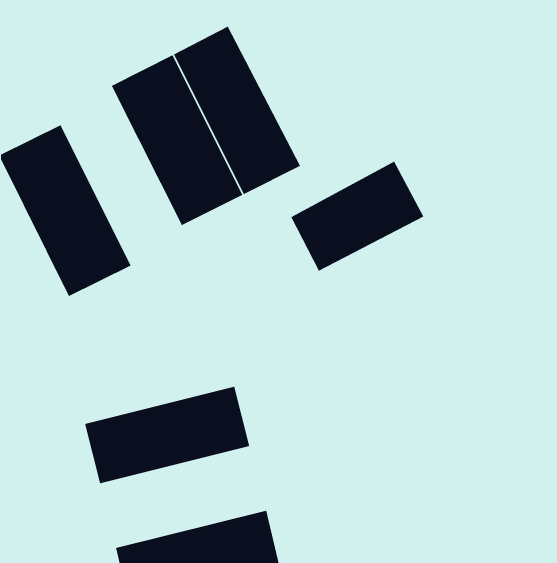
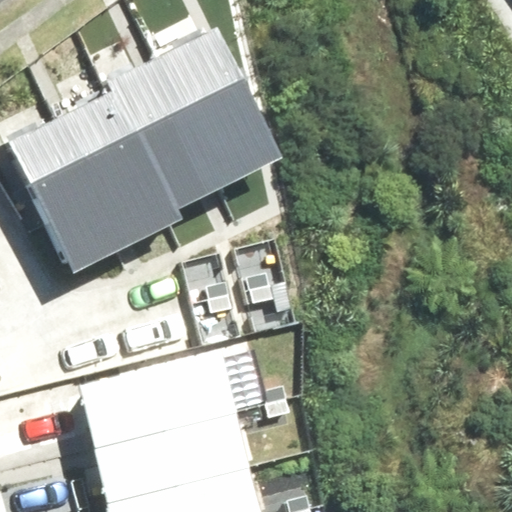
building: none -> [63,90,177,243]
building: [290,161,424,272] -> none
building: none -> [98,406,249,497]

